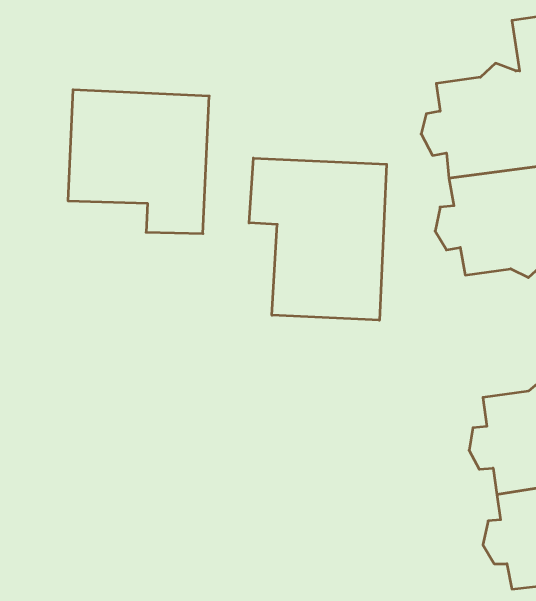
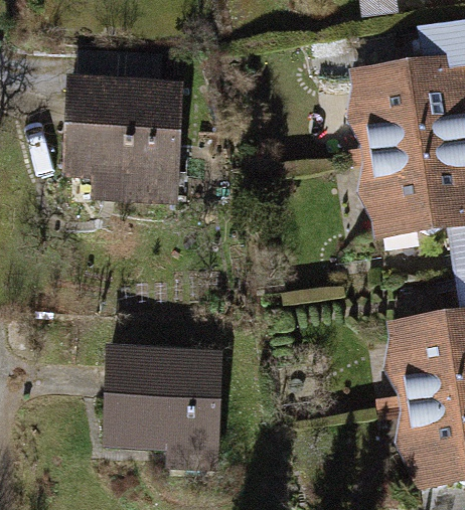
building: [249,158,387,320] -> none
building: none -> [106,352,217,443]

